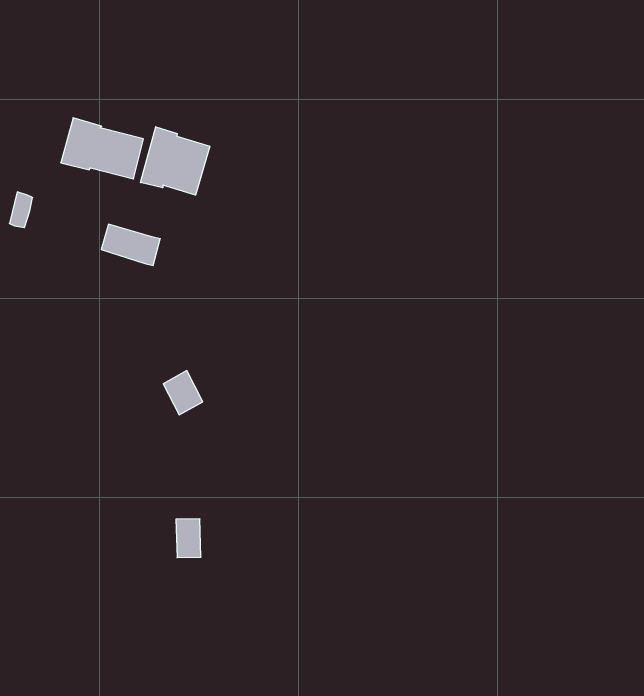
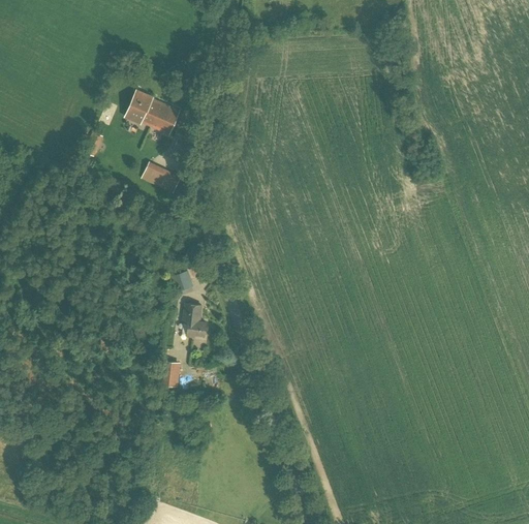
building: [141,127,210,195] -> none
building: none -> [182,303,206,338]

